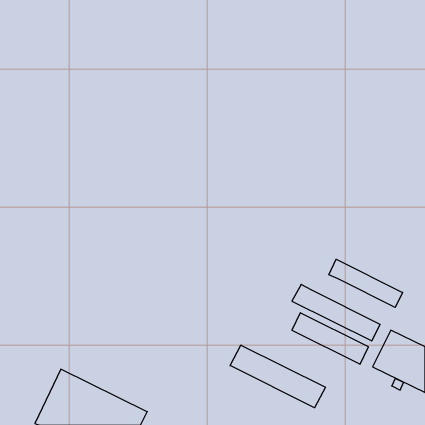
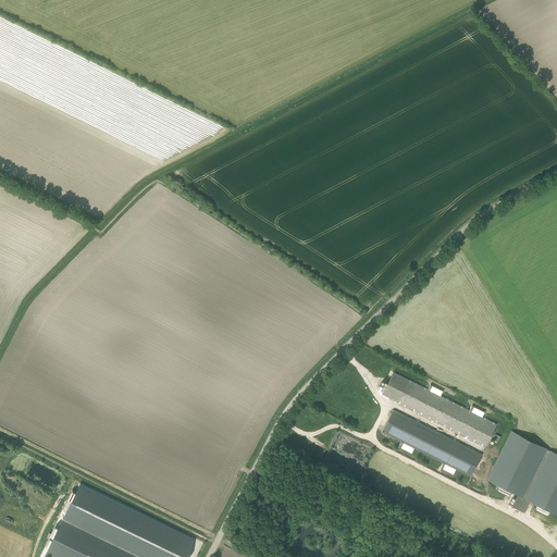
building: [329,259,403,307] -> none
building: [230,345,325,408] -> none

